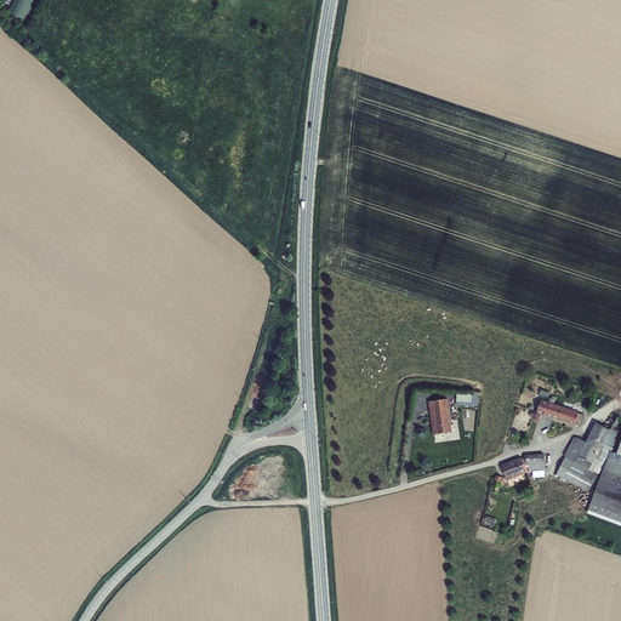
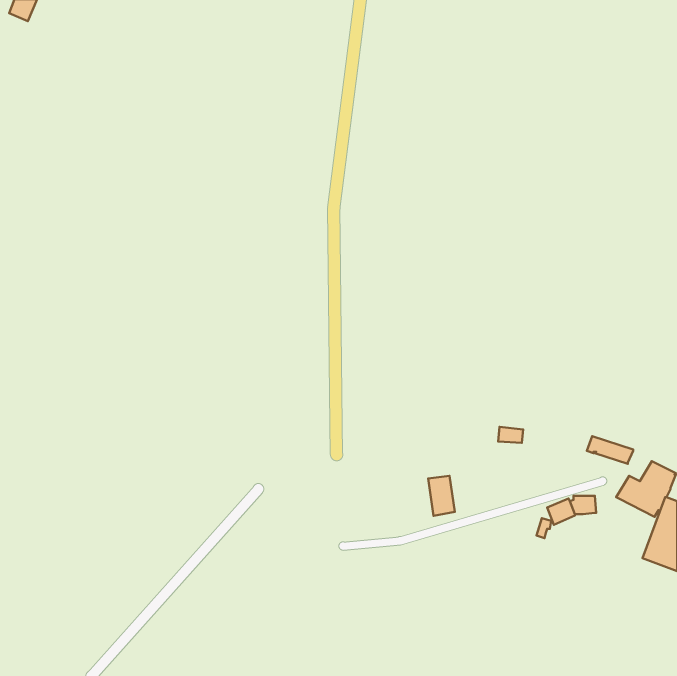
building: [428,398,452,434] -> [428,476,455,516]
building: [557,456,599,491] -> none

